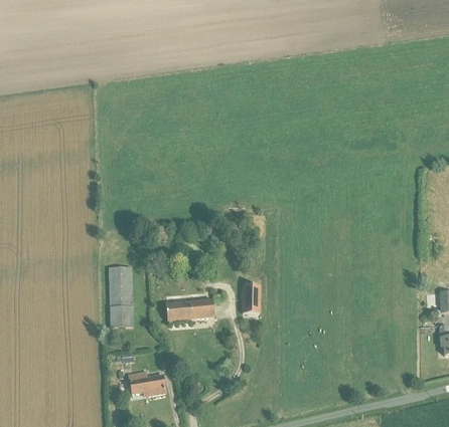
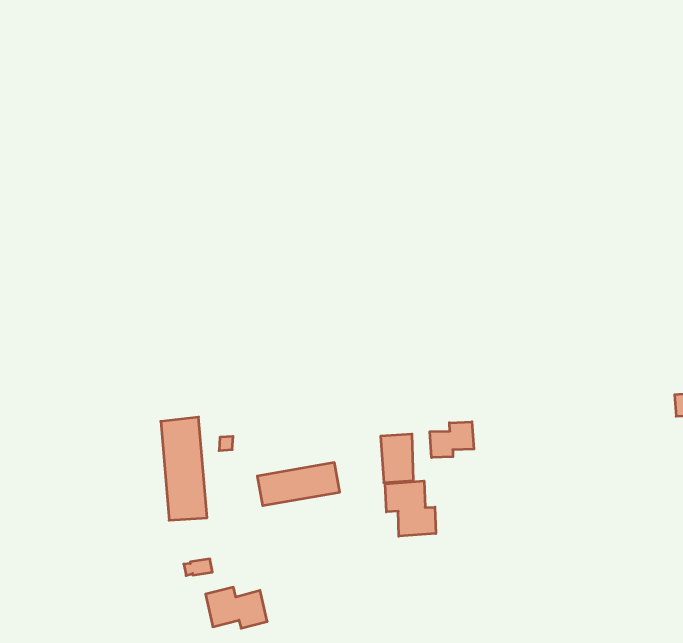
building: none -> [430,422,474,458]
building: none -> [385,481,436,536]

